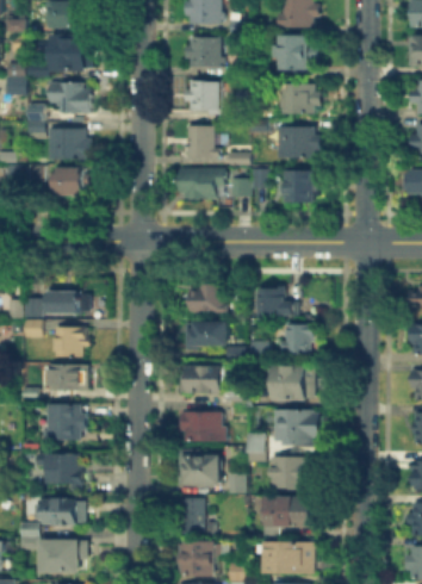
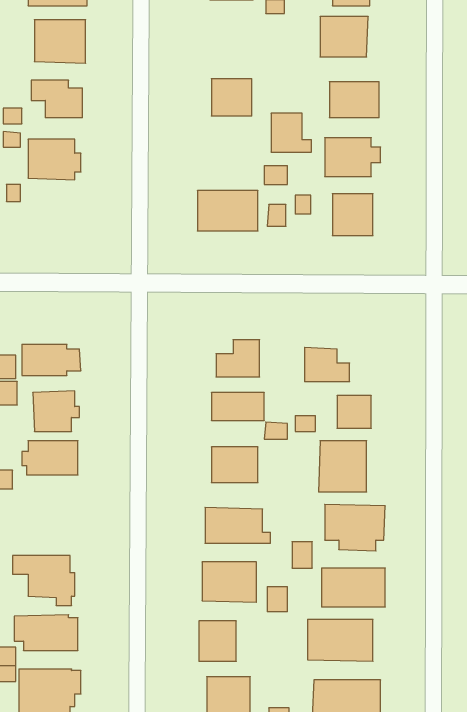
building: [187,41,219,67] -> none
building: [190,129,221,159] -> [271,113,311,152]
building: [52,170,85,198] -> none
building: [42,402,86,439] -> none

